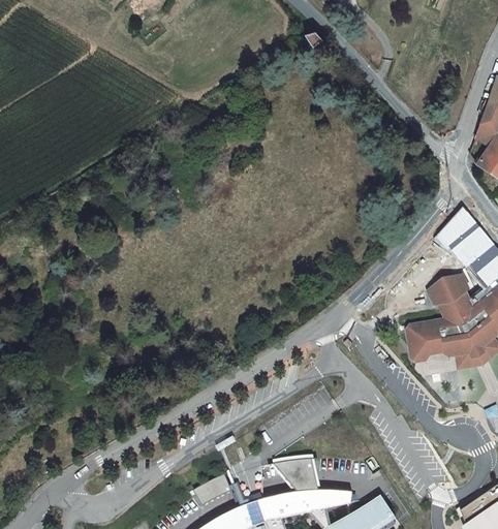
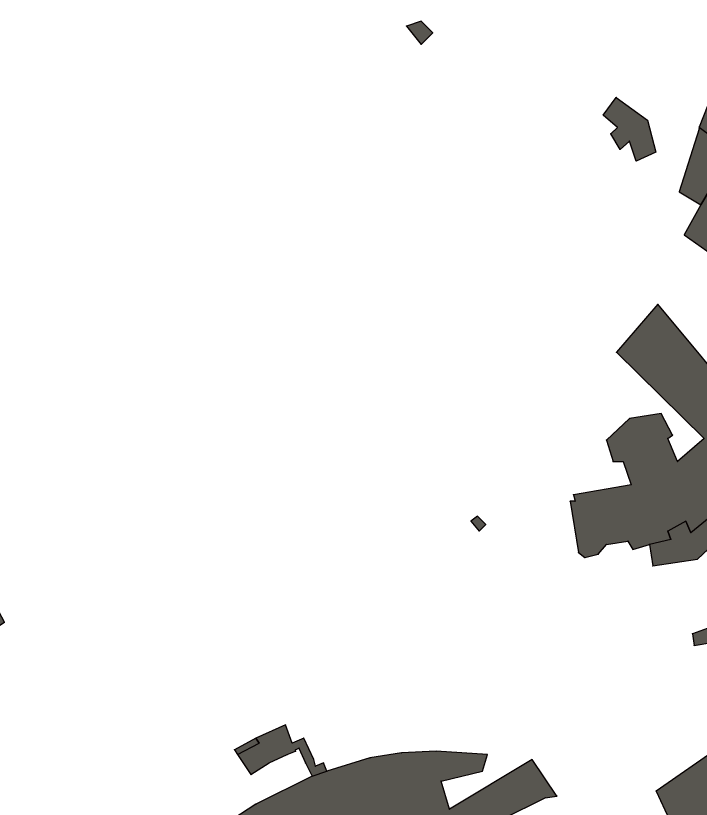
building: none -> [603,97,656,161]
building: [278,456,323,488] -> none

